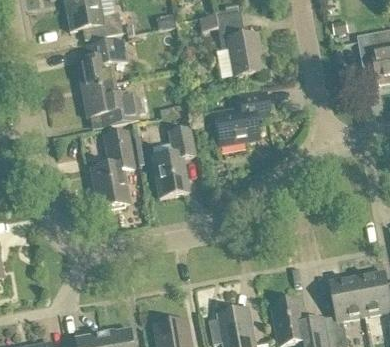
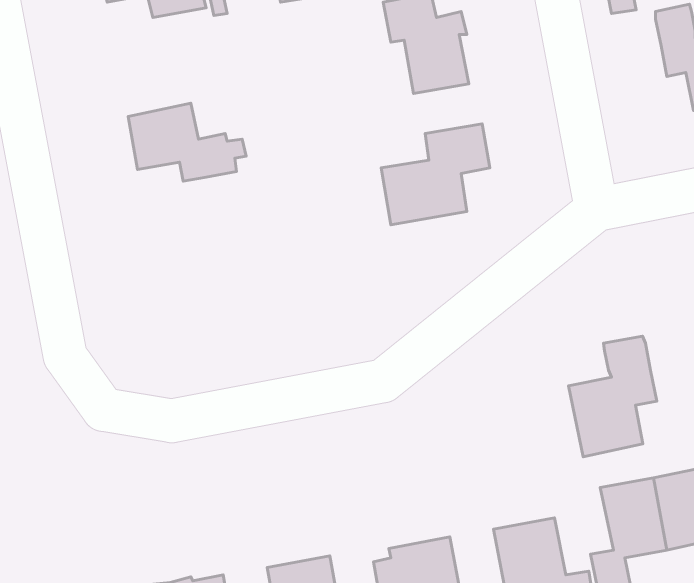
building: [76,39,128,87] -> none
building: [152,126,194,196] -> none
building: [91,128,135,207] -> none
building: none -> [568,336,657,457]

